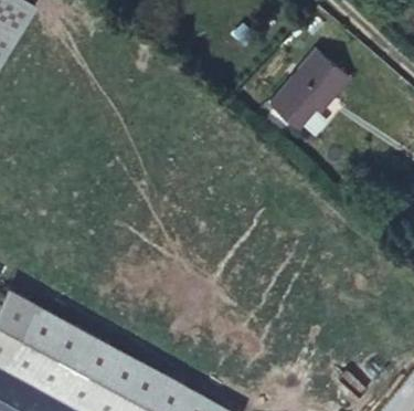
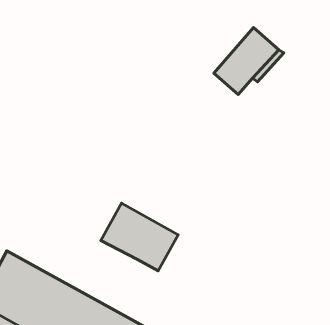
building: none -> [101,203,178,271]

